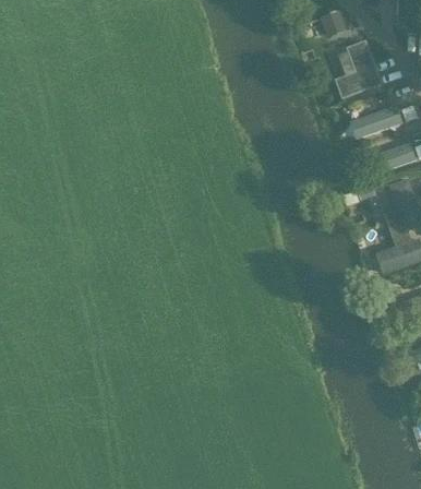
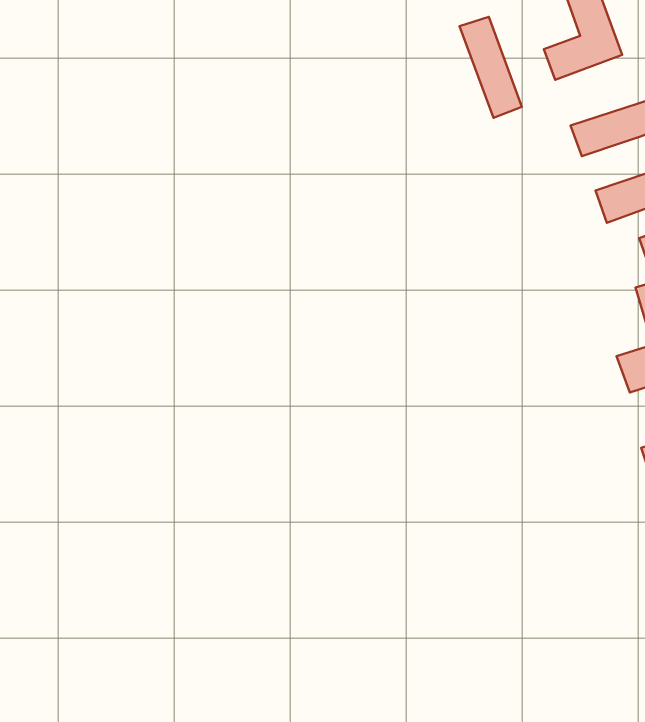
building: none -> [460,17,522,118]

